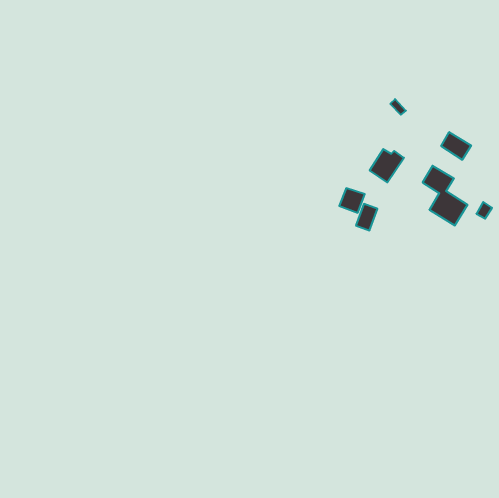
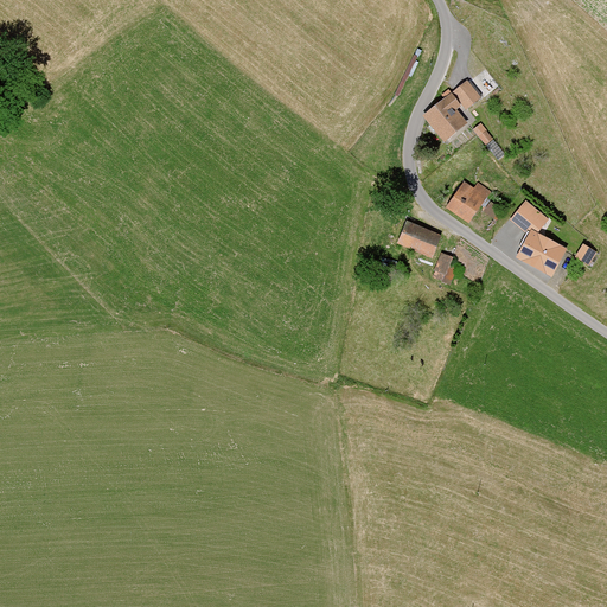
building: none -> [423,82,479,142]
building: [441,132,471,160] -> none

